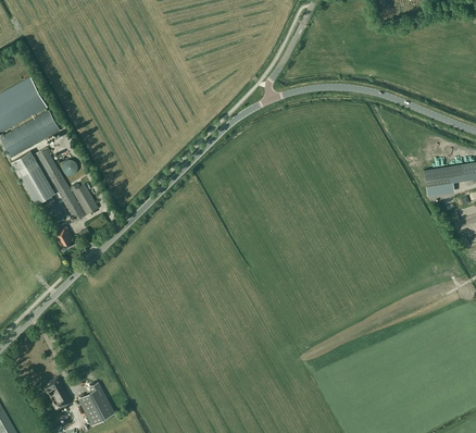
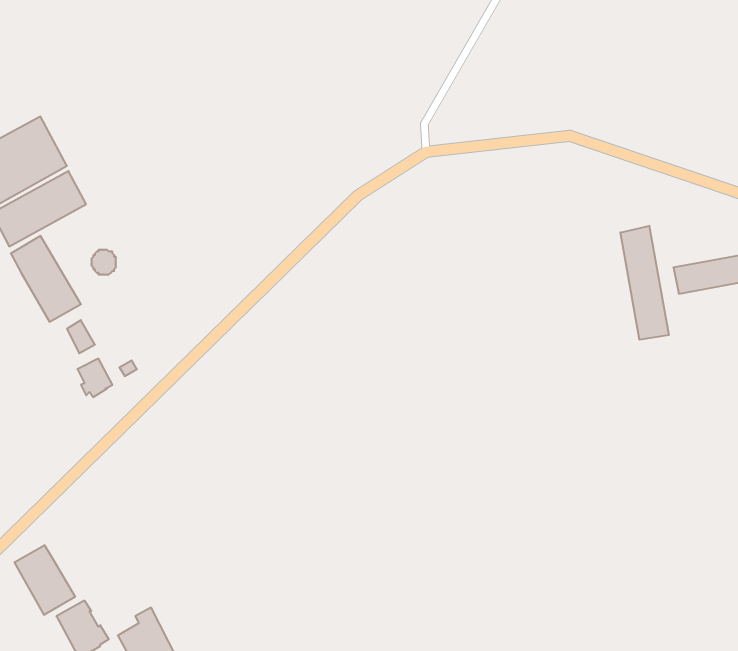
building: none -> [620,226,669,340]
building: [36,148,98,222] -> none
building: none -> [15,545,75,615]

